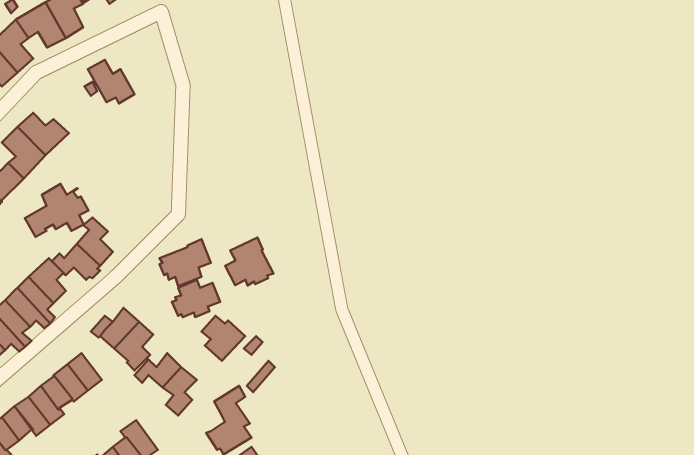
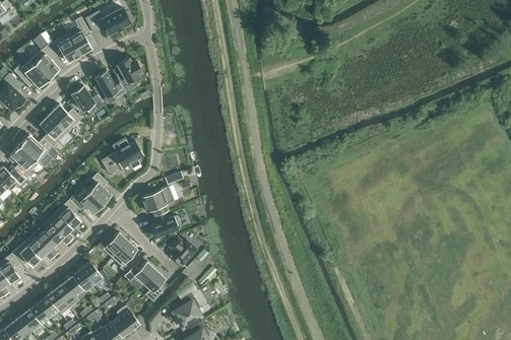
building: none -> [117,58,142,91]
building: none -> [71,85,104,111]
building: [25,184,89,237] -> [102,138,143,173]
building: [225,237,273,285] -> none

